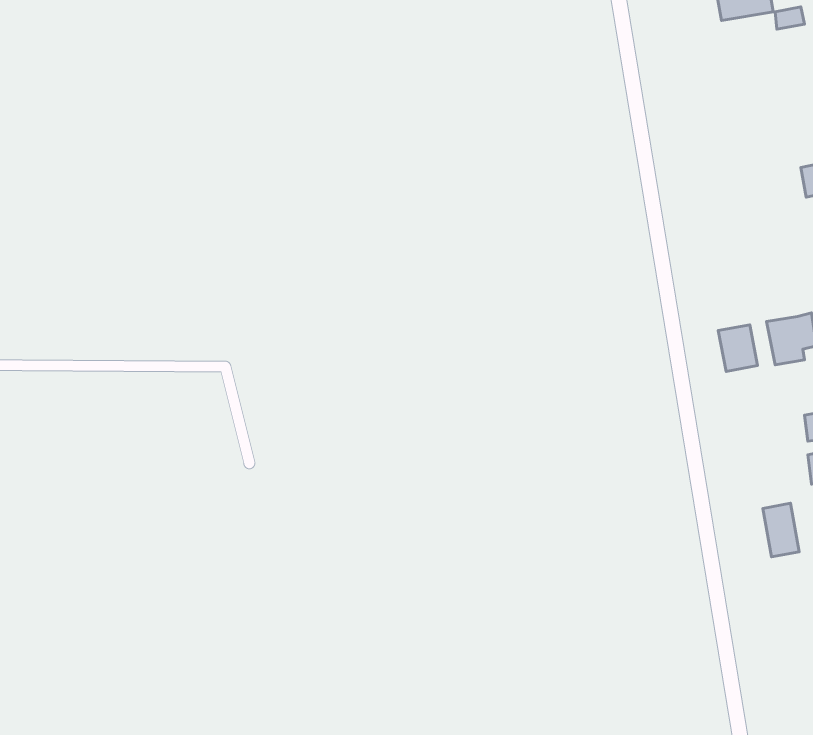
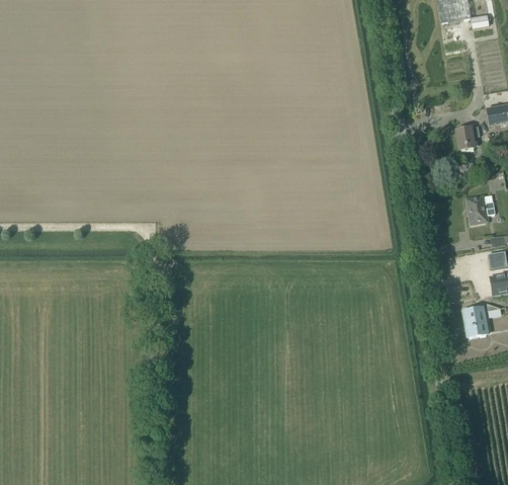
building: none -> [455,126,479,149]
building: [718,325,758,371] -> none

